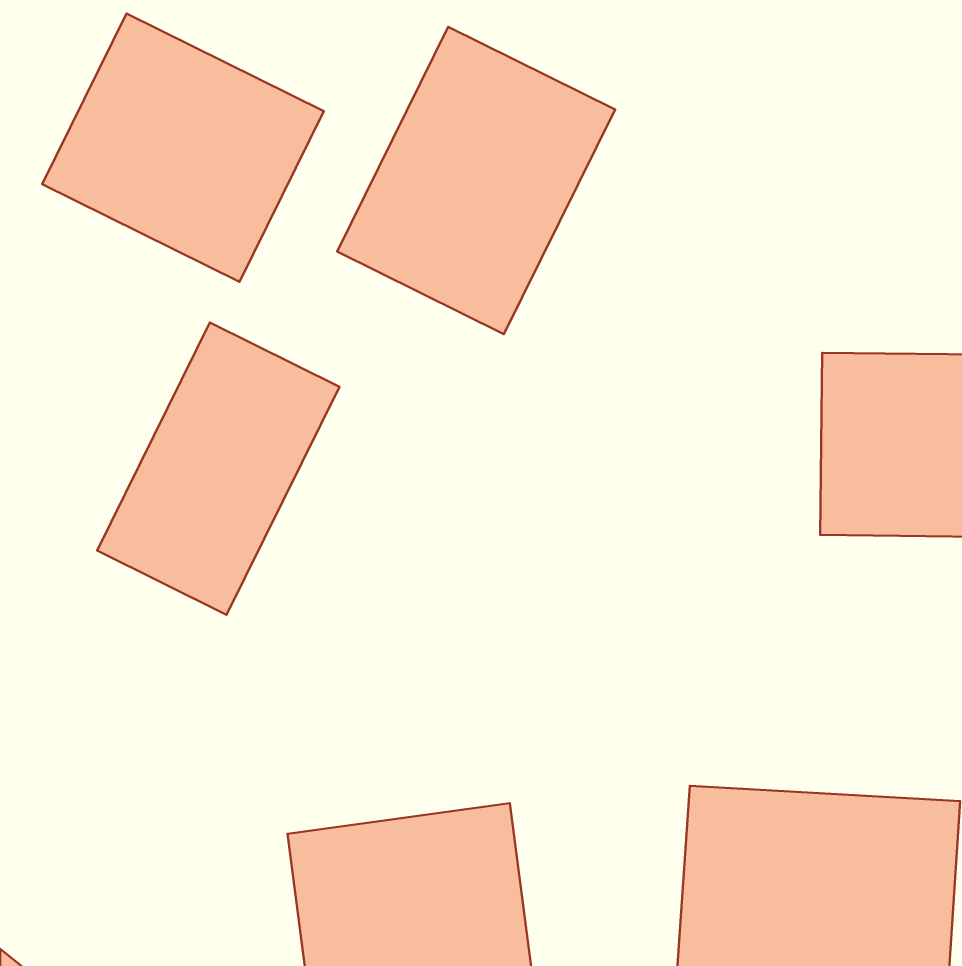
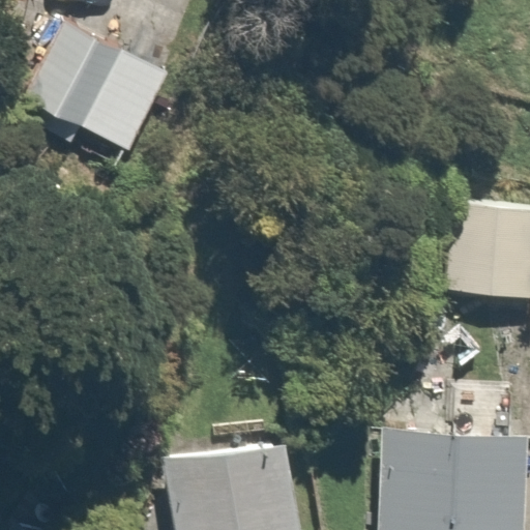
building: [337,27,615,334] -> none
building: [97,322,339,615] -> none

